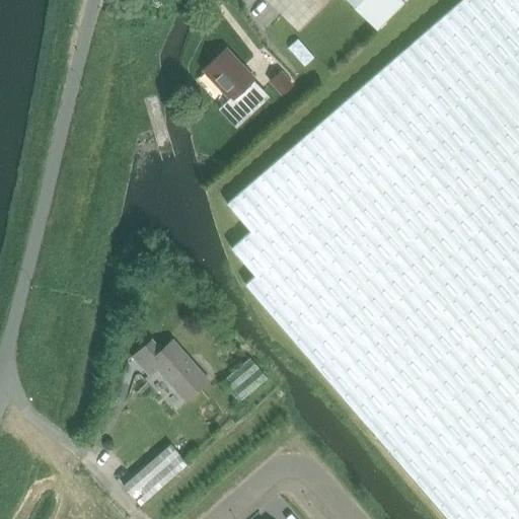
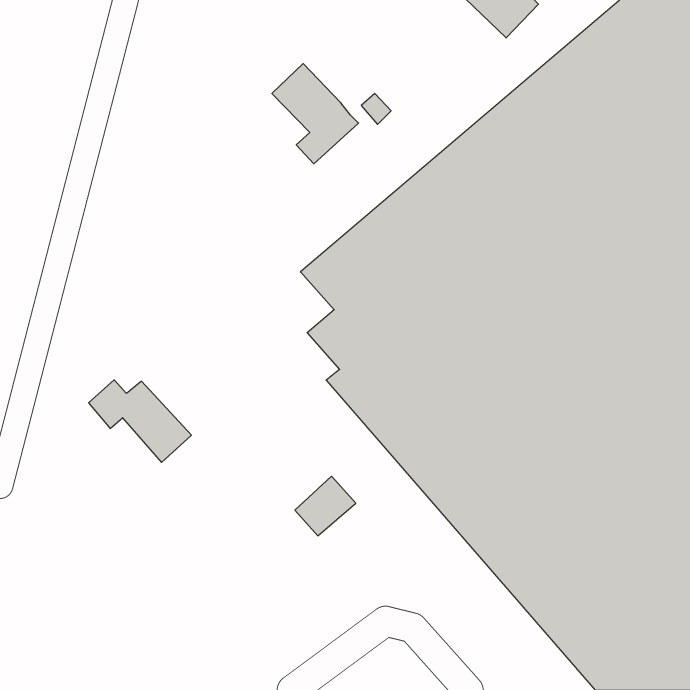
building: [133,339,210,400] -> [89,380,191,462]
building: [123,442,187,502] -> none

